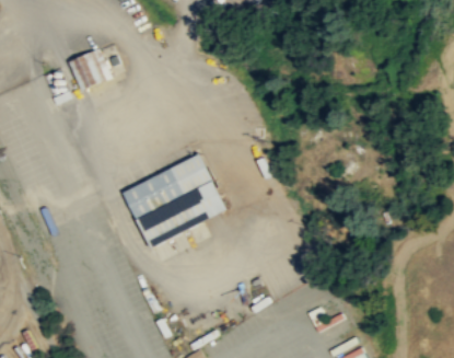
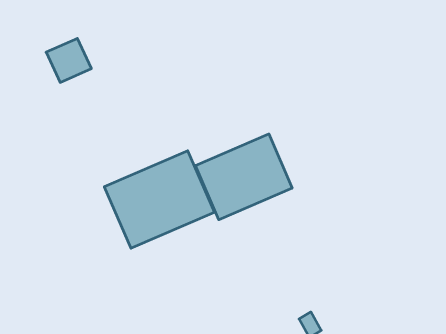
building: none -> [196,134,292,220]

